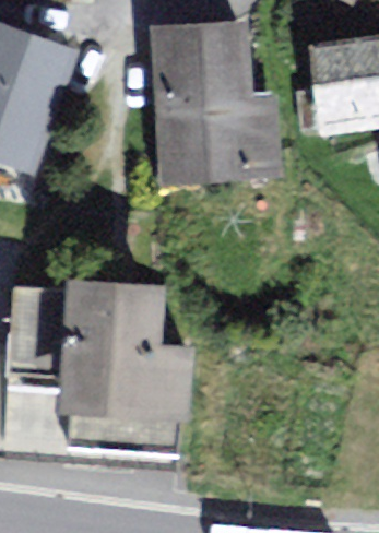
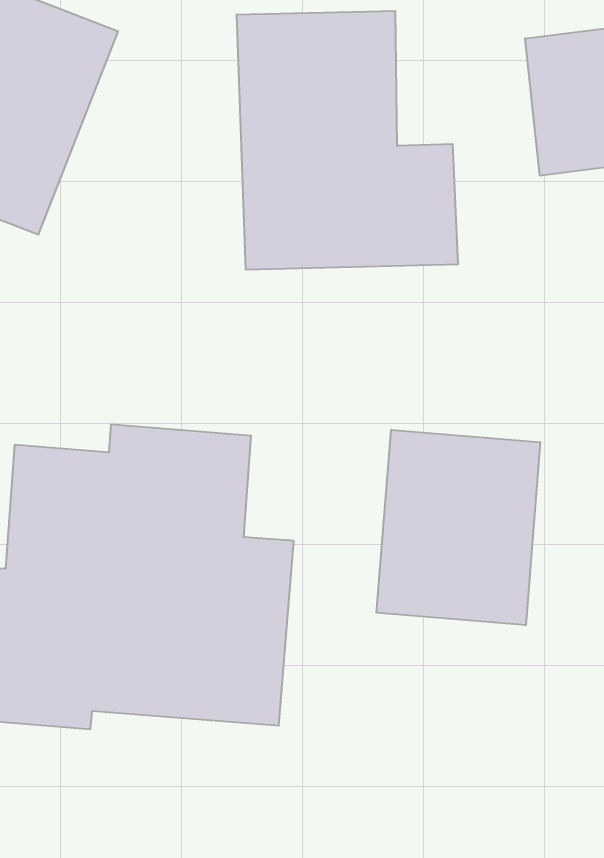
building: none -> [377,430,540,625]

